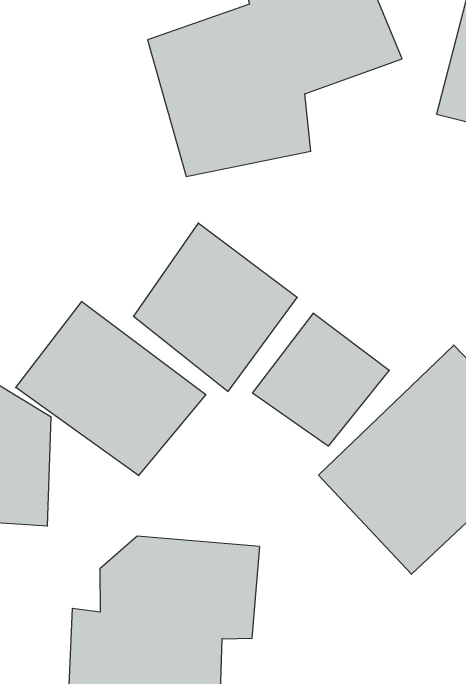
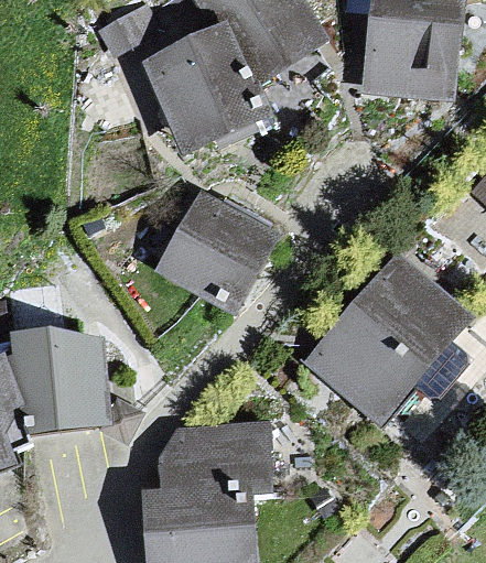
building: [16,301,206,476] -> none
building: [253,313,389,446] -> none

